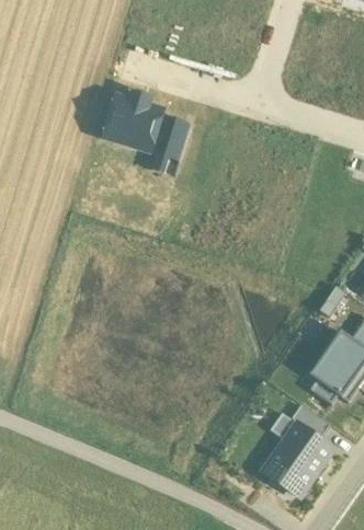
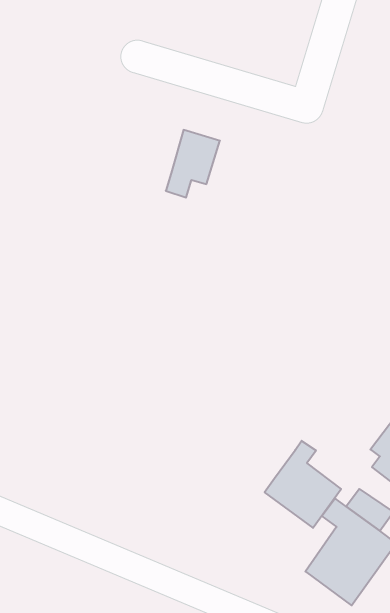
building: [103,93,161,150] -> none
building: none -> [265,441,341,528]

